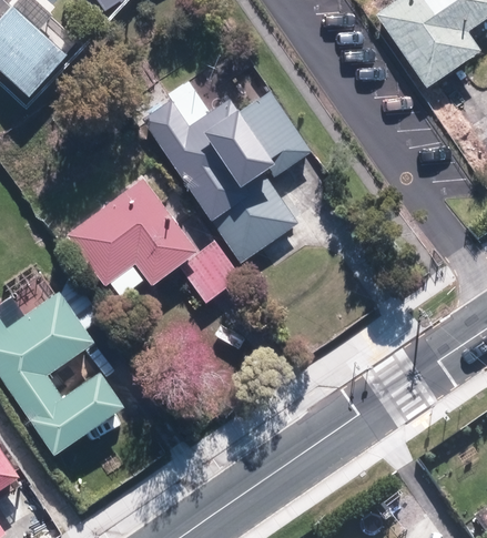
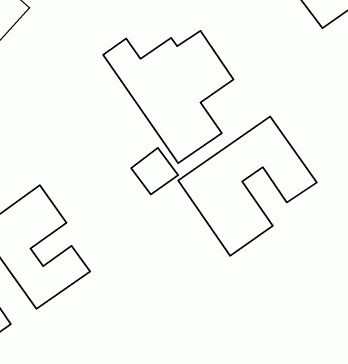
building: [68,176,197,285] -> none
building: none -> [178,117,317,256]

